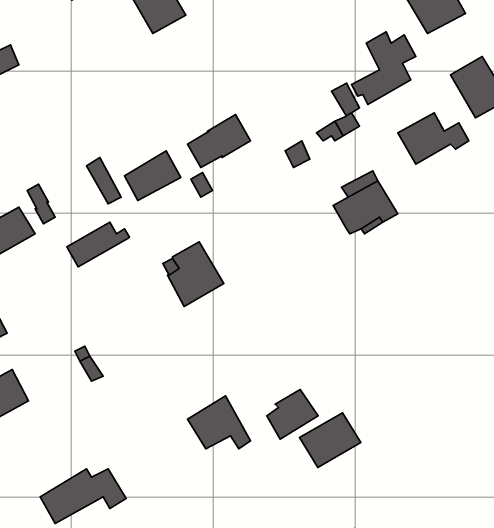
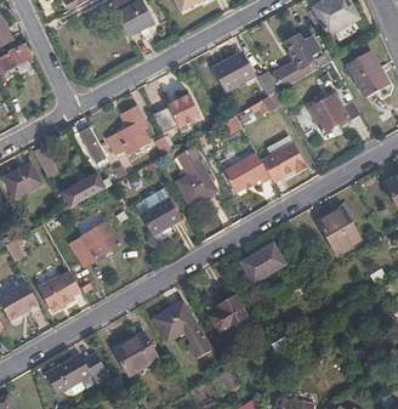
building: none -> [214,53,254,91]
building: none -> [222,150,271,193]
building: none -> [180,163,218,205]
building: none -> [320,208,360,251]
building: none -> [83,222,120,257]
building: none -> [38,271,80,309]
building: [300,413,361,467] -> [241,243,286,283]
building: none -> [115,333,159,376]

